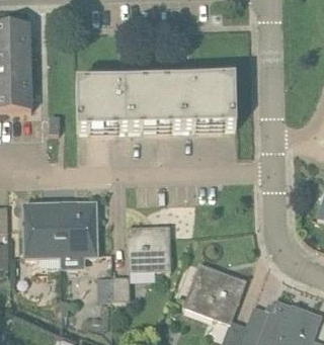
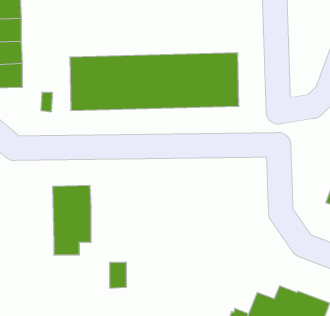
building: [23,203,60,258] -> none
building: [127,225,170,270] -> none
building: [182,262,244,319] -> none

